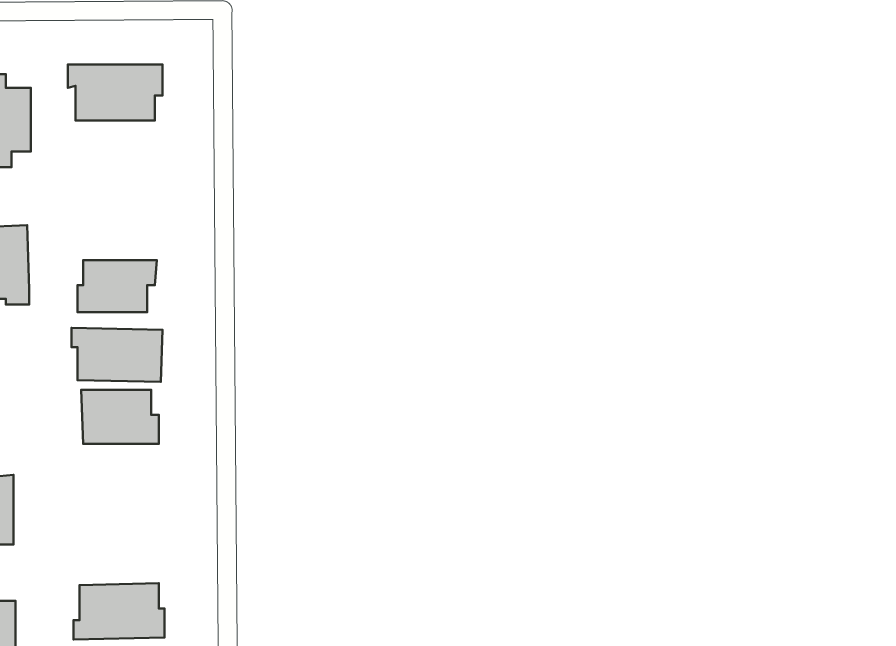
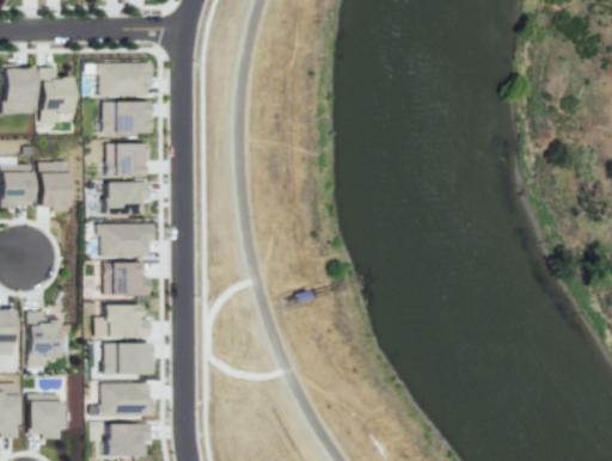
building: none -> [102,103,153,134]
building: none -> [105,143,148,178]
building: none -> [96,305,152,339]
building: none -> [104,344,154,375]

